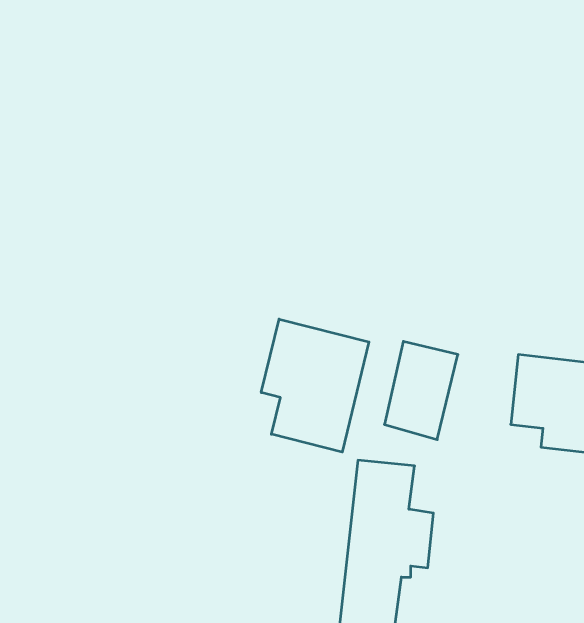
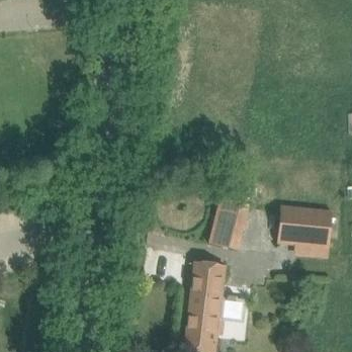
building: [261,319,369,452] -> none

